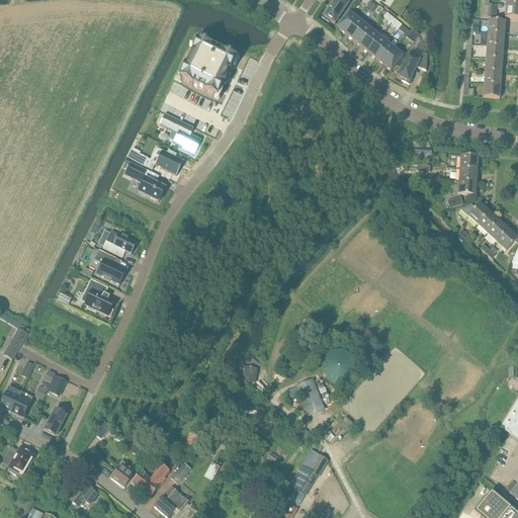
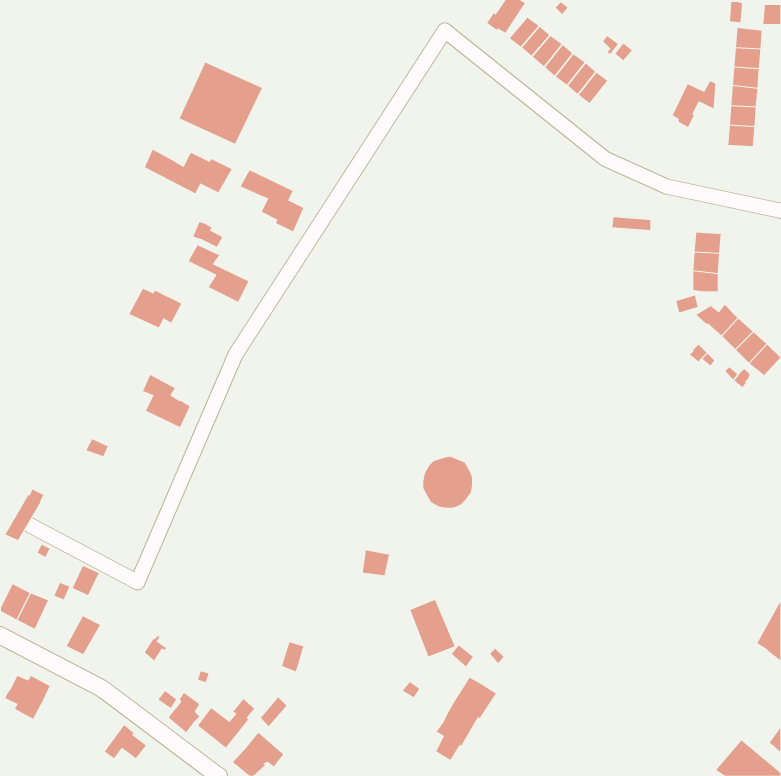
building: [183,38,239,93] -> [179,62,263,144]
building: [398,52,427,83] -> [672,80,716,128]
building: none -> [144,149,233,194]
building: [156,149,183,173] -> none
building: [102,230,138,256] -> [129,288,182,328]
building: [85,278,114,315] -> none
building: [322,347,355,381] -> [423,456,473,508]
building: [294,377,325,416] -> [409,599,455,657]

